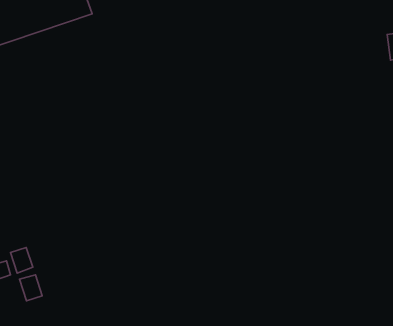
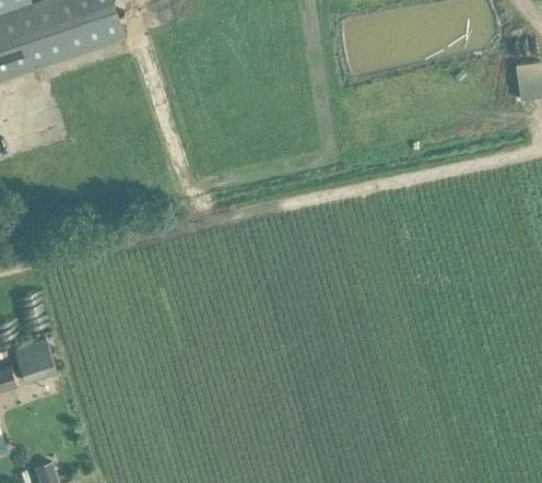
building: [20,275,42,301] -> none

